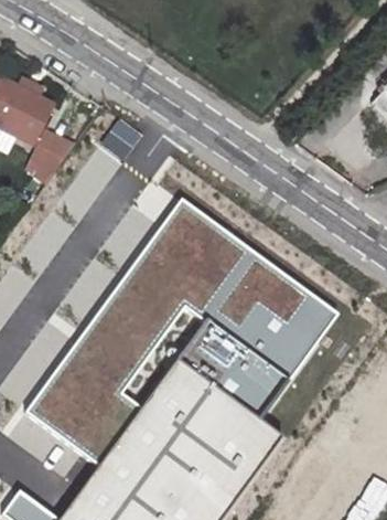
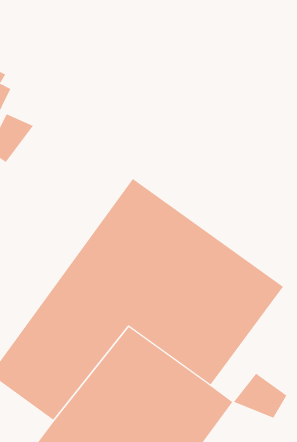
building: none -> [233,373,287,419]

